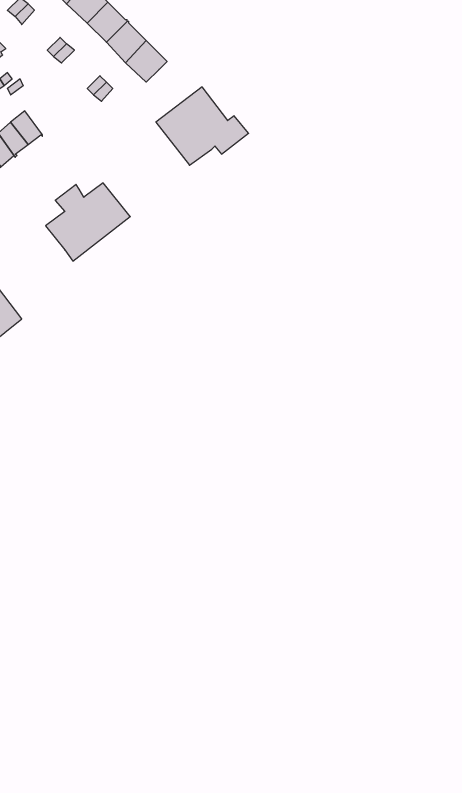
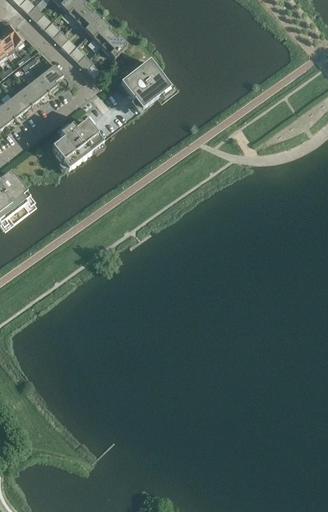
building: none -> [37,64,63,91]

